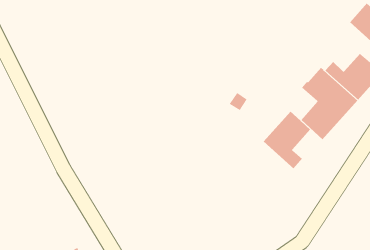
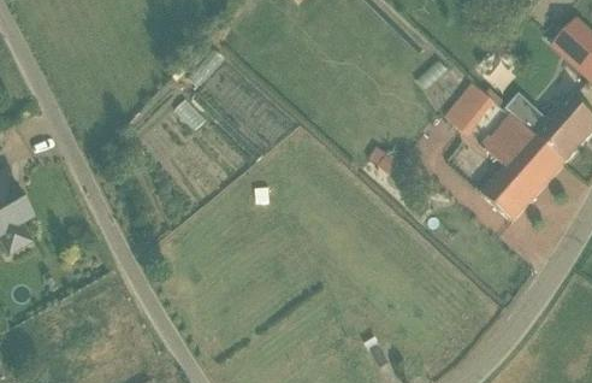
building: none -> [445,81,495,132]
building: [263,111,311,170] -> none

